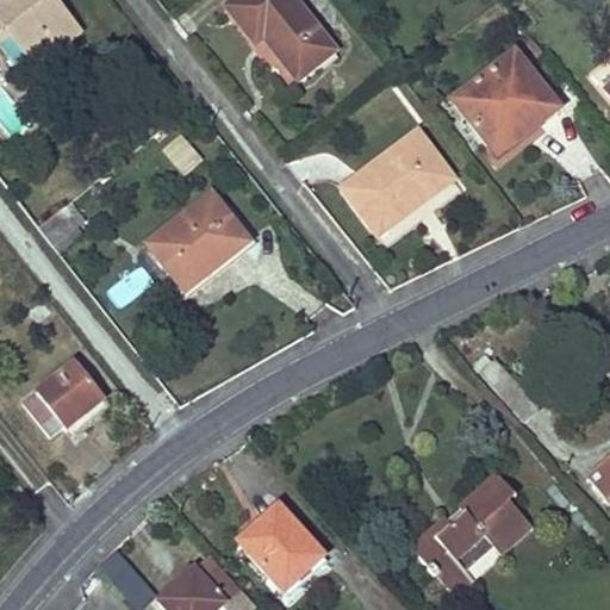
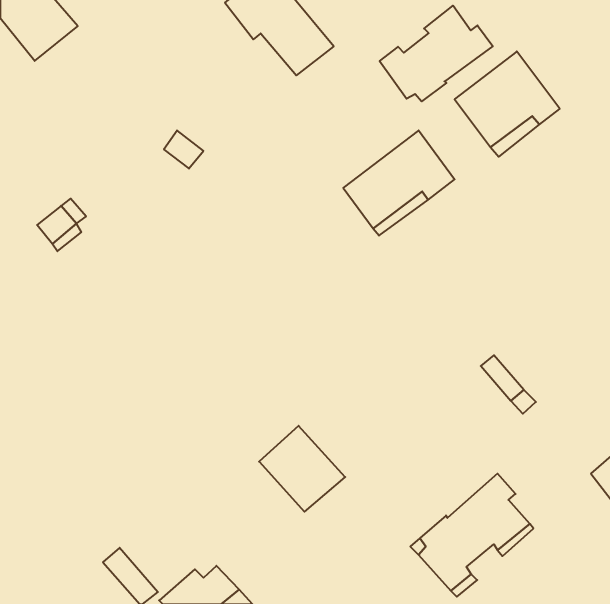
building: none -> [380,6,493,101]
building: [148,193,251,287] -> none
building: [24,361,104,432] -> none
building: [239,504,325,590] -> [259,426,345,512]

